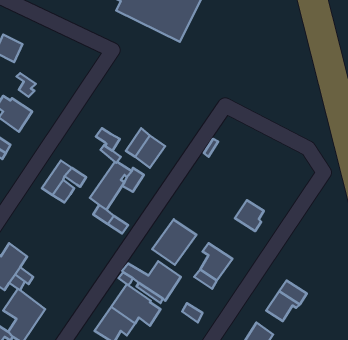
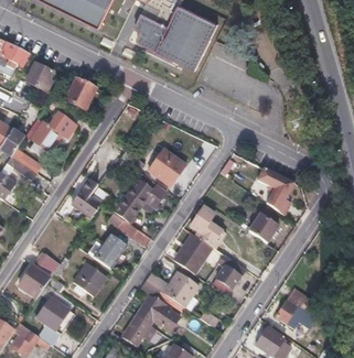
building: none -> [65,76,96,109]
building: none -> [258,167,293,215]
building: none -> [190,206,223,247]
building: none -> [92,234,126,269]
building: none -> [73,262,106,295]

